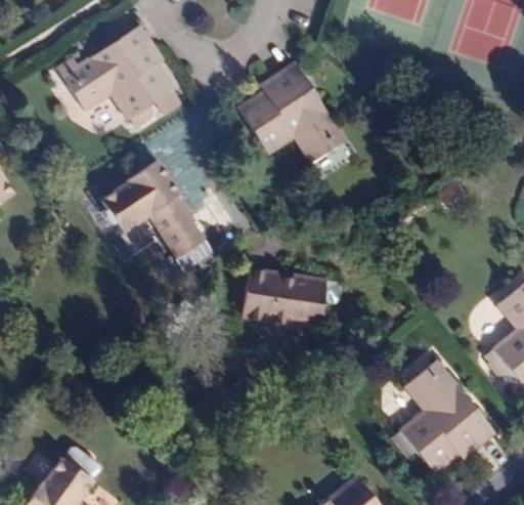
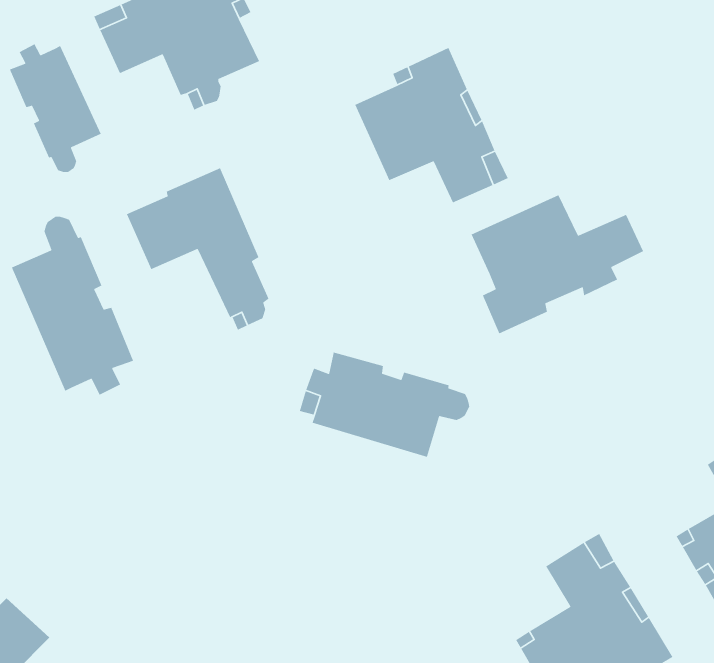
building: none -> [9,43,102,173]
building: none -> [471,194,644,334]
building: none -> [11,216,134,396]

